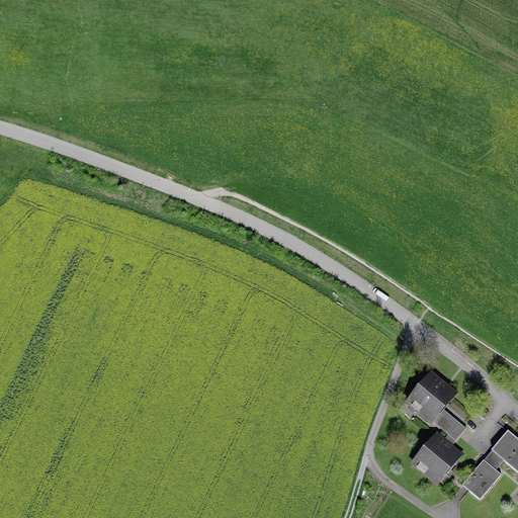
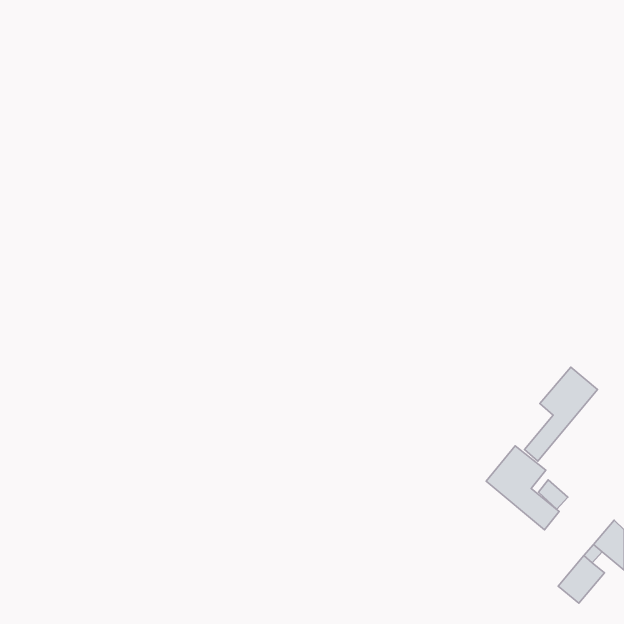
building: none -> [524,367,598,461]
building: [415,437,459,483] -> none

